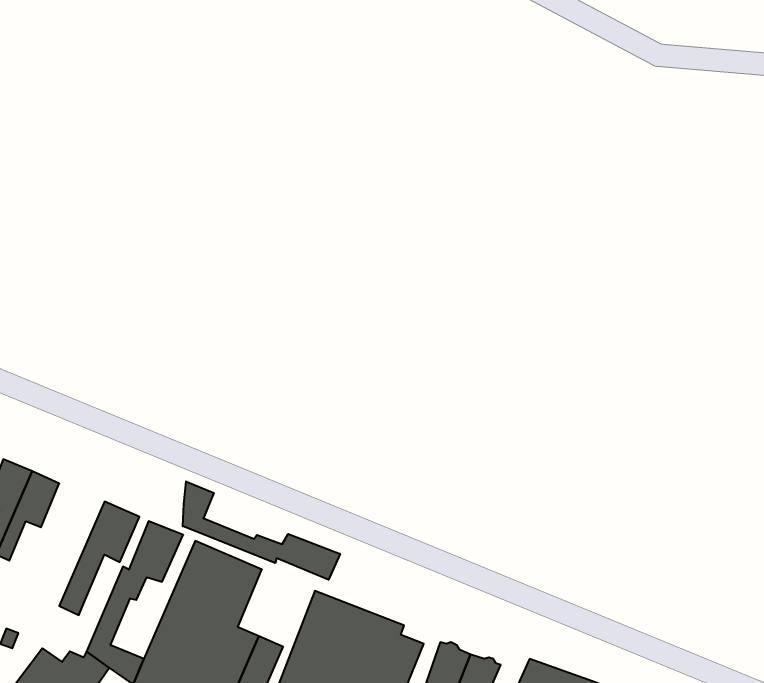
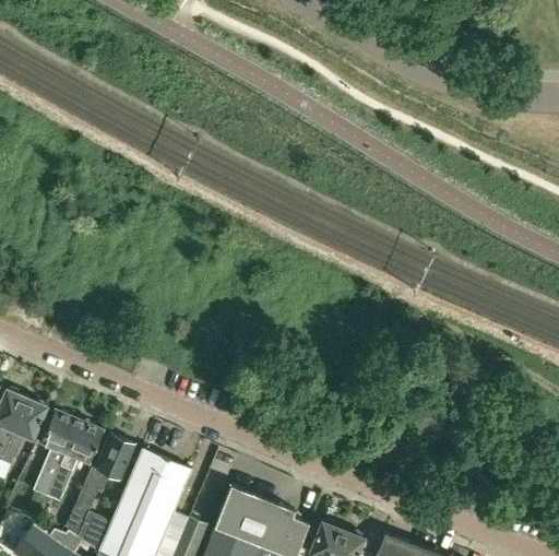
building: [183,481,340,580] -> none
building: none -> [33,411,79,496]

